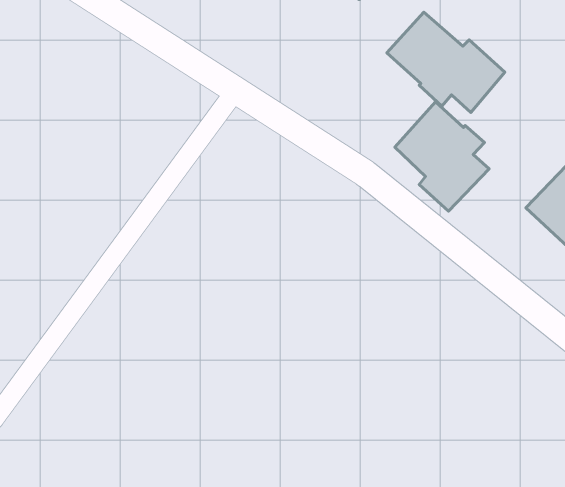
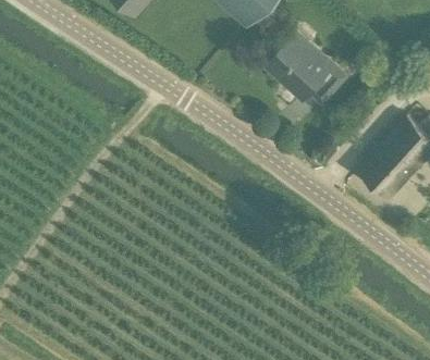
building: [395,102,489,211] -> none

